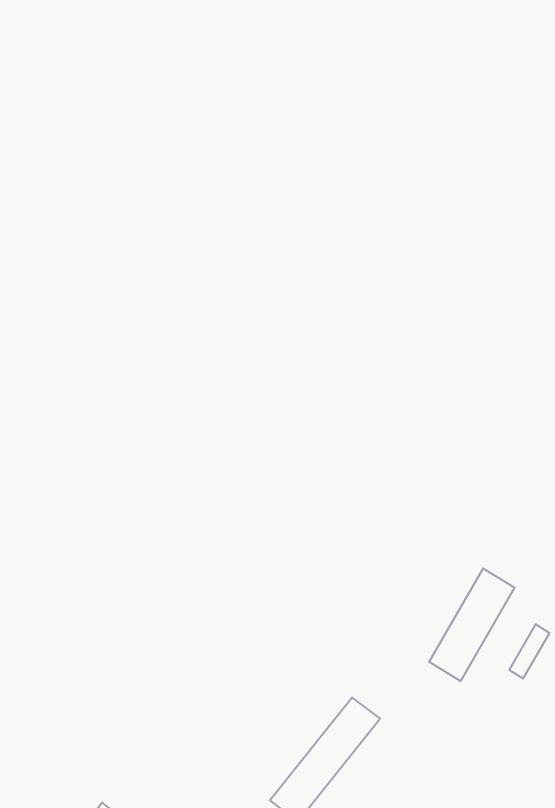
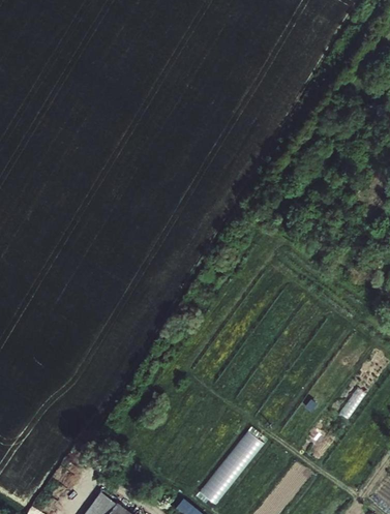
building: [429,568,515,681] -> none

